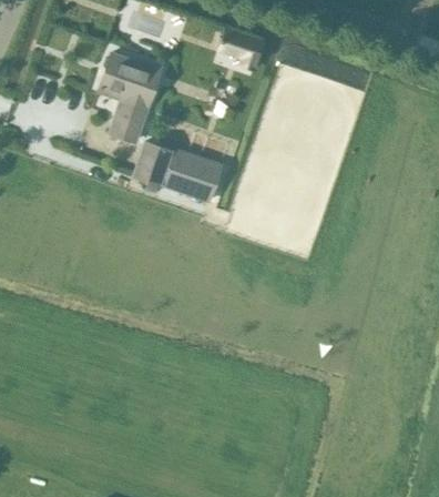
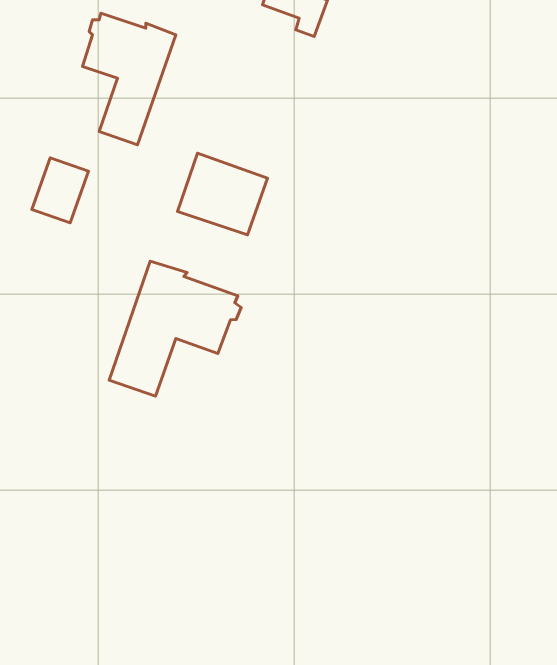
building: [133,143,171,186] -> [32,158,88,223]
building: none -> [109,261,241,396]

